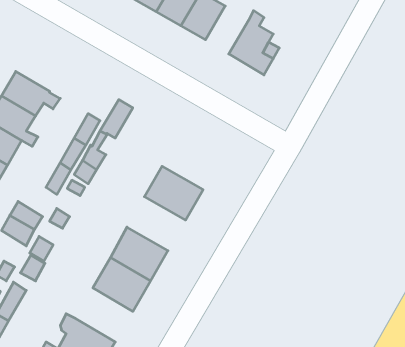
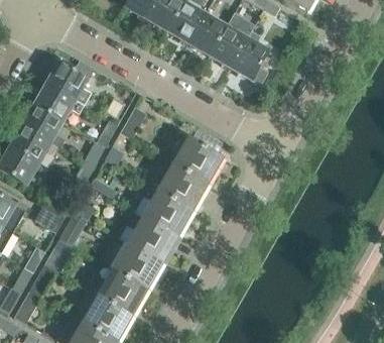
building: none -> [210,25,247,67]
building: none -> [46,56,92,104]
building: none -> [172,136,223,184]
building: none -> [142,190,193,236]
building: none -> [98,268,147,315]

